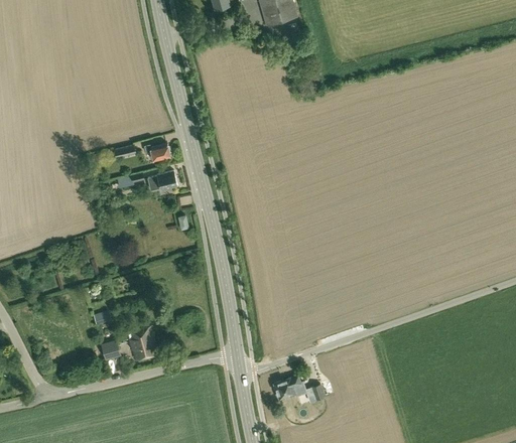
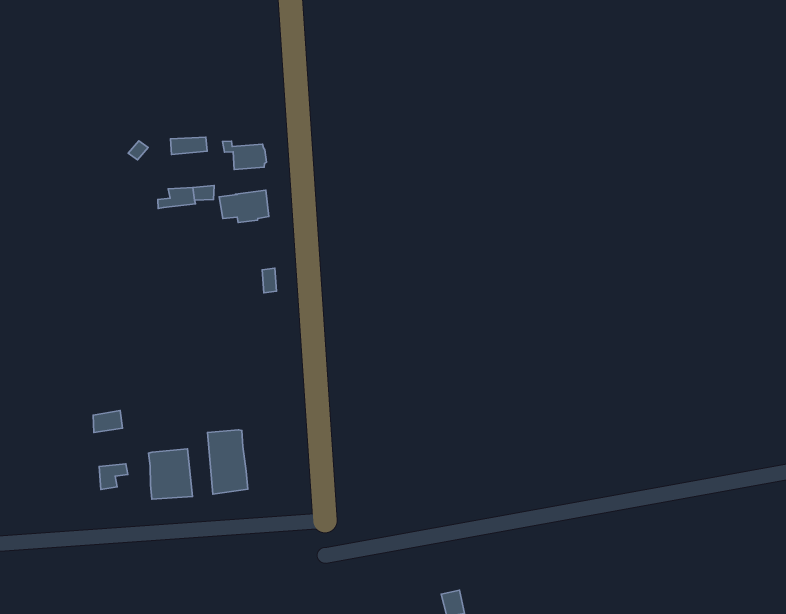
building: none -> [207,430,248,494]
building: [273,378,300,402] -> none

